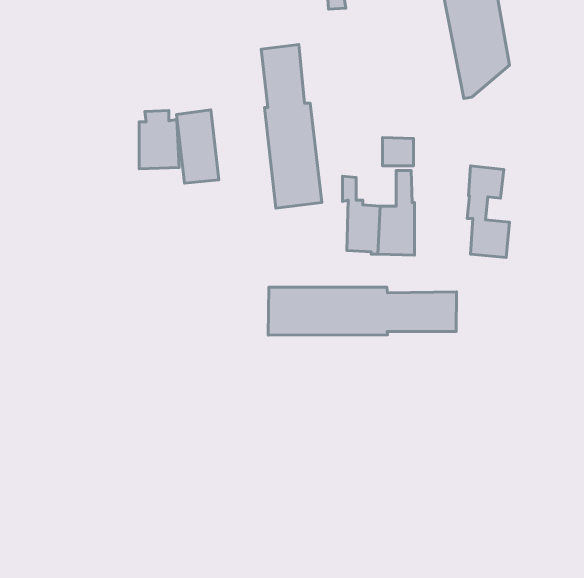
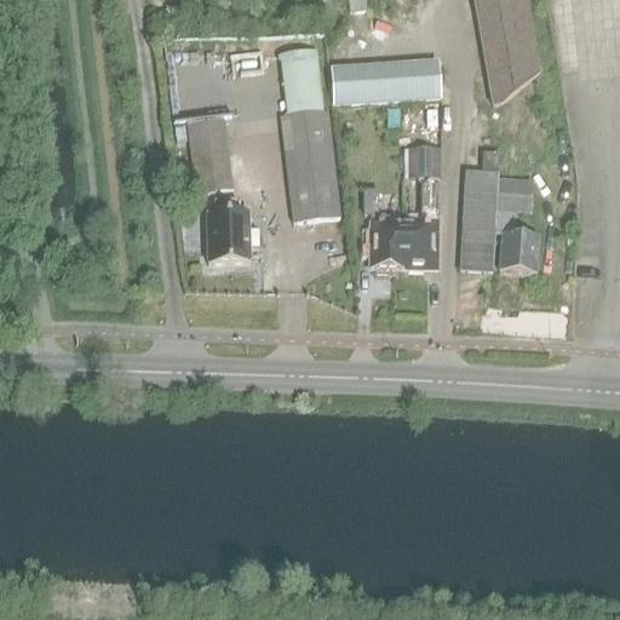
building: none -> [331,59,438,104]
building: [139,110,179,169] -> [207,200,249,262]
building: none -> [460,149,499,270]
building: [268,287,456,335] -> none

